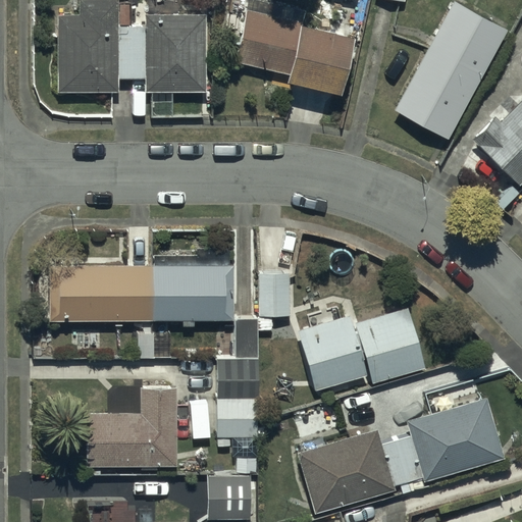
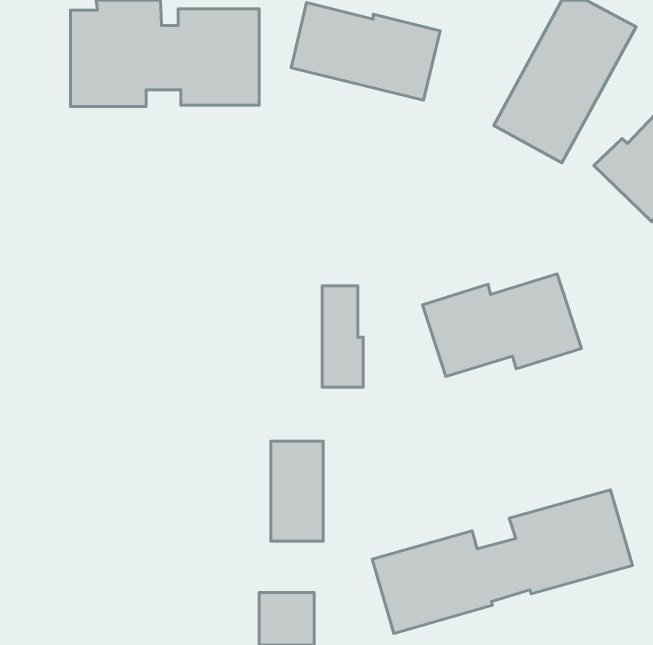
building: [50,264,234,321] -> none
building: [300,309,426,390] -> [423,274,582,377]
building: [88,388,177,465] -> none

